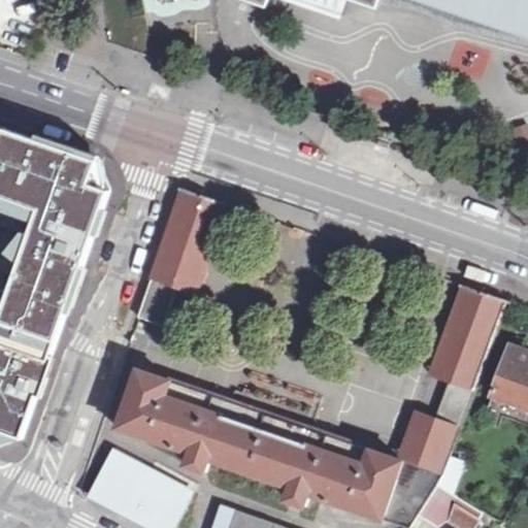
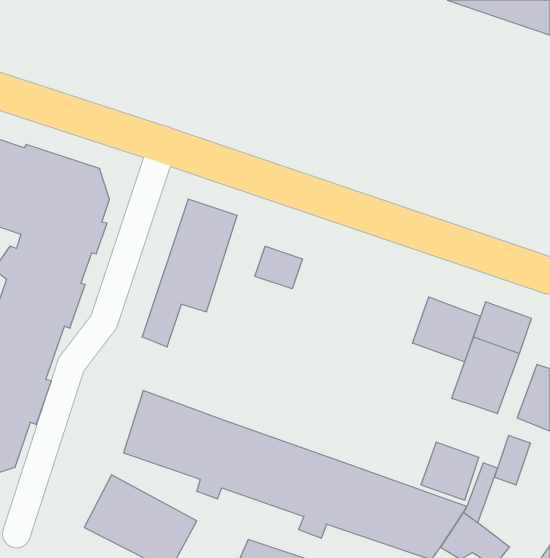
building: none -> [255,246,302,289]
building: none -> [412,297,480,362]
building: [435,384,469,430] -> [494,436,531,485]

